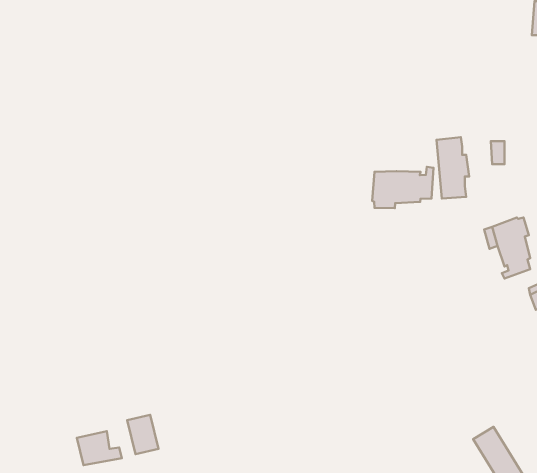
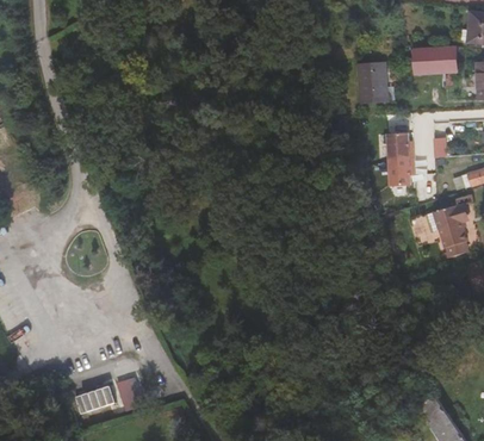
building: none -> [414,46,457,74]
building: none -> [356,64,386,101]
building: [372,167,433,208] -> none

